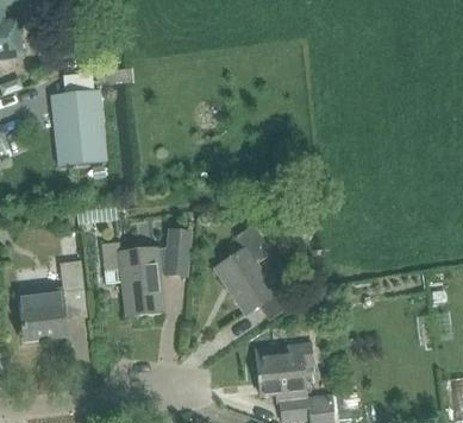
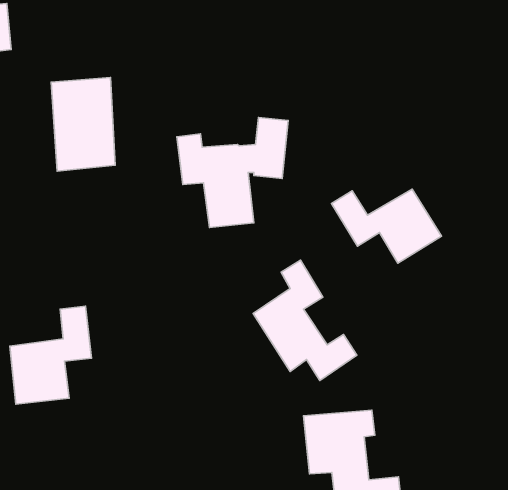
building: none -> [331,189,442,263]
building: [102,228,192,316] -> [177,118,288,227]

